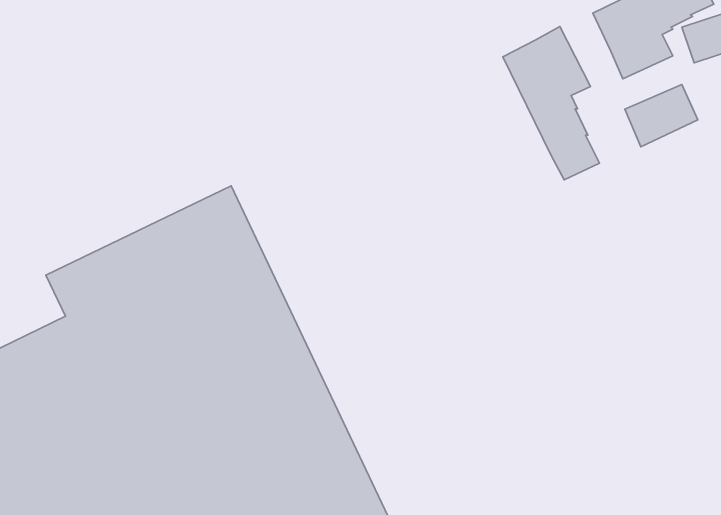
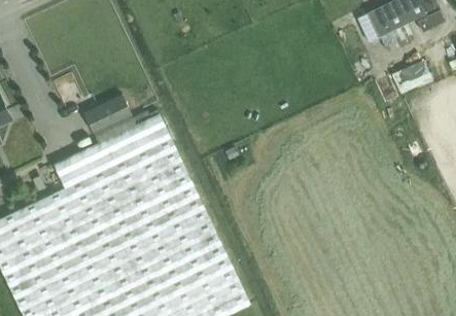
building: [503,26,600,180] -> none
building: none -> [83,95,131,133]

